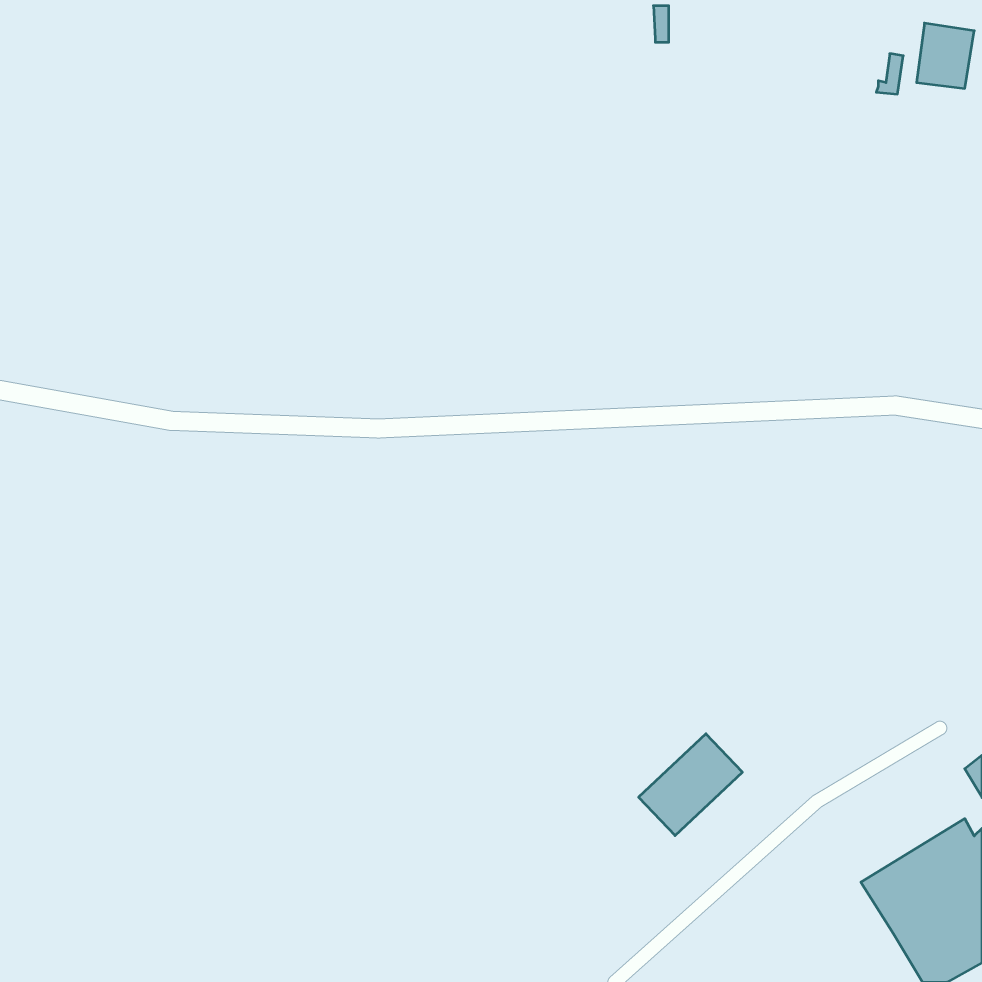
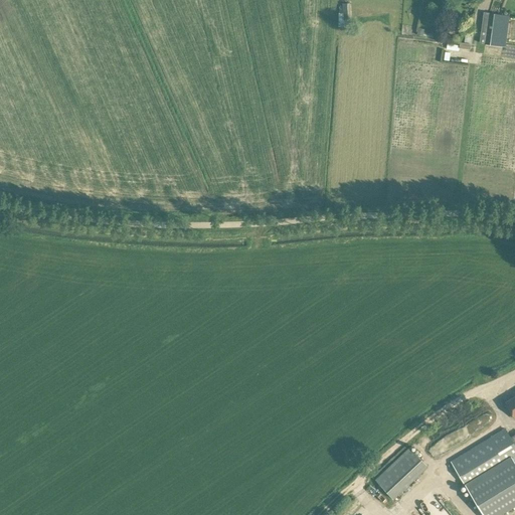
building: [639,734,742,836] -> [376,446,431,499]

